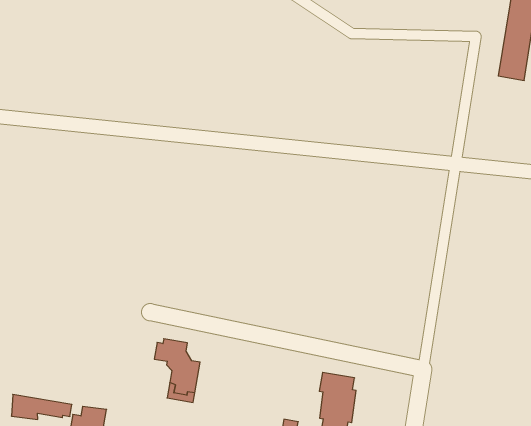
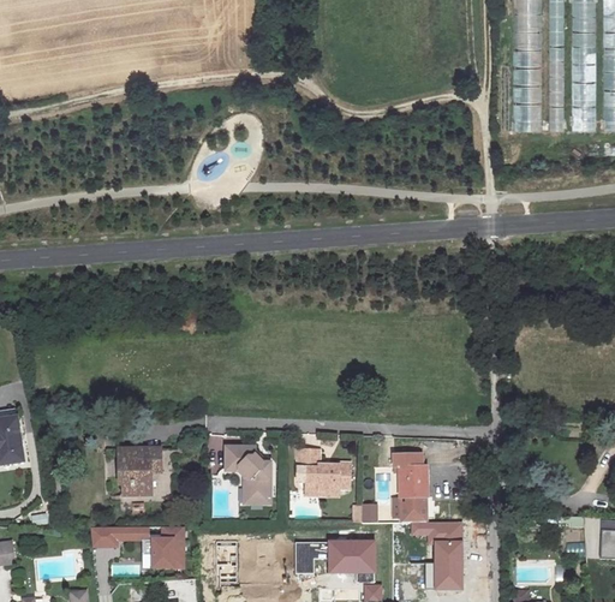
building: none -> [118,448,159,494]
building: none -> [295,449,348,495]

